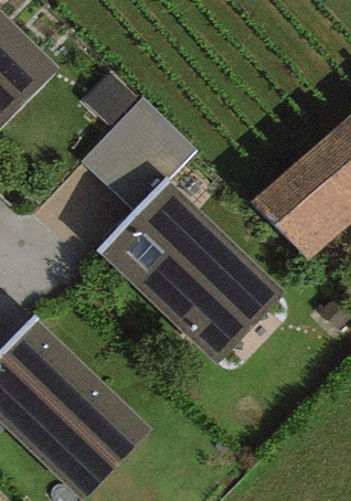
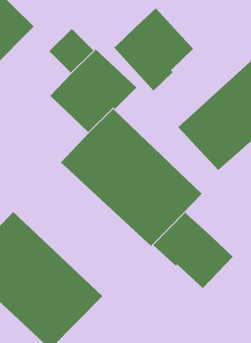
building: none -> [113,8,194,91]
building: none -> [153,211,233,289]

